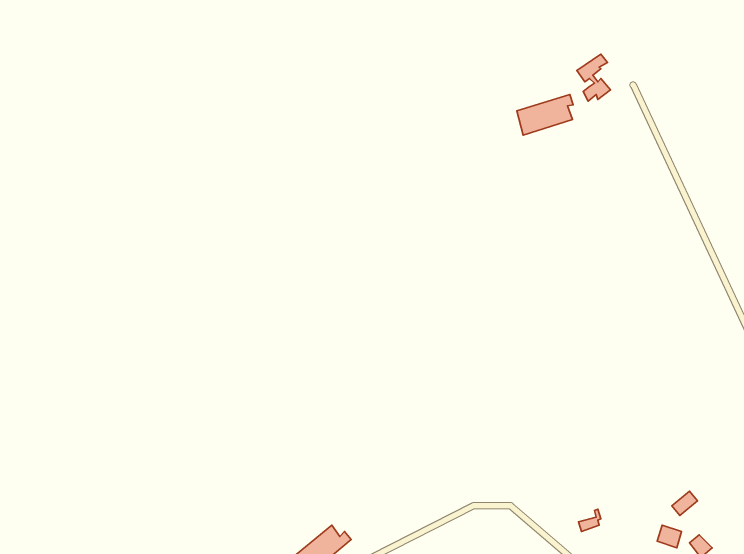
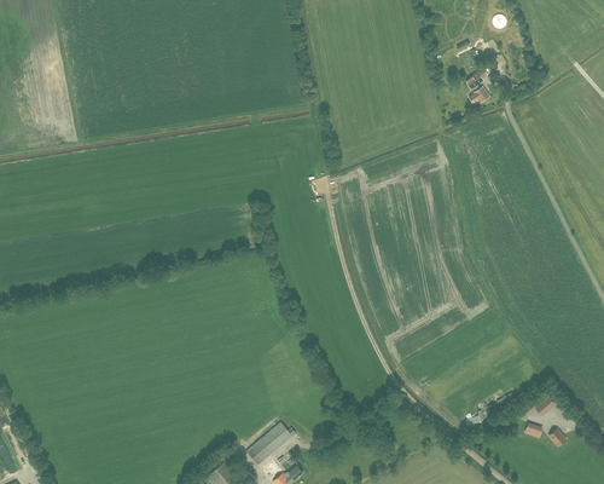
building: [517,95,573,135] -> none

